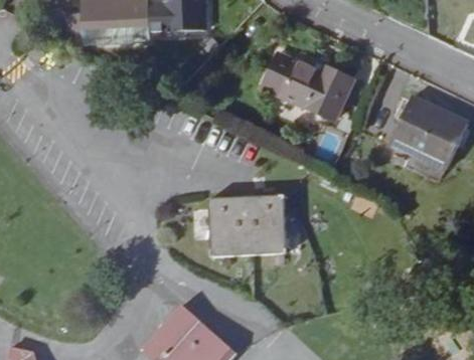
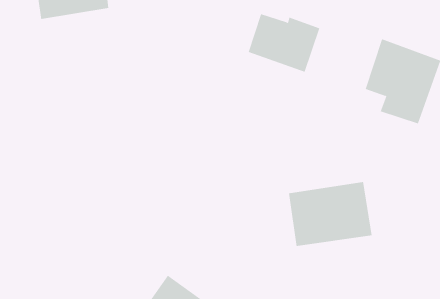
building: [262,53,297,98] -> none
building: [209,199,287,255] -> [288,181,373,247]

